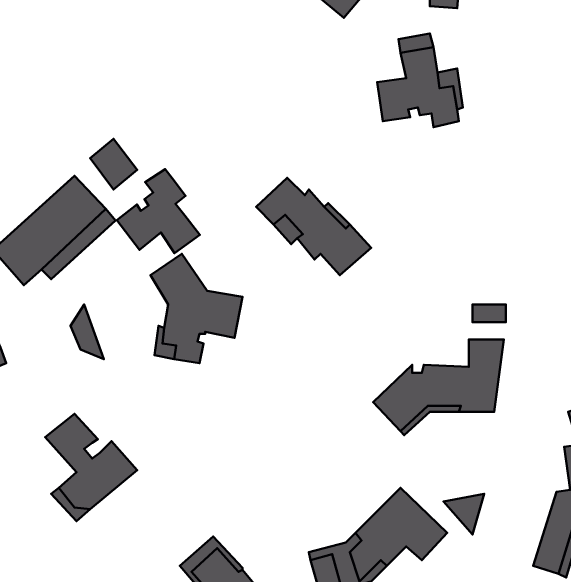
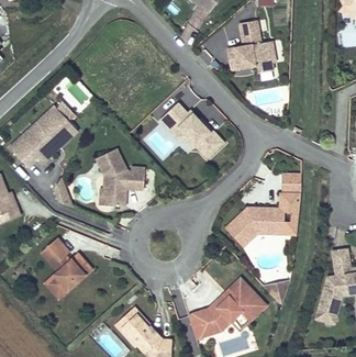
building: [117,169,200,253] -> none

